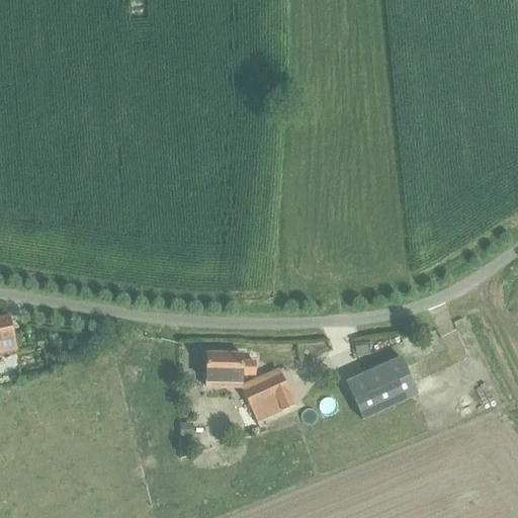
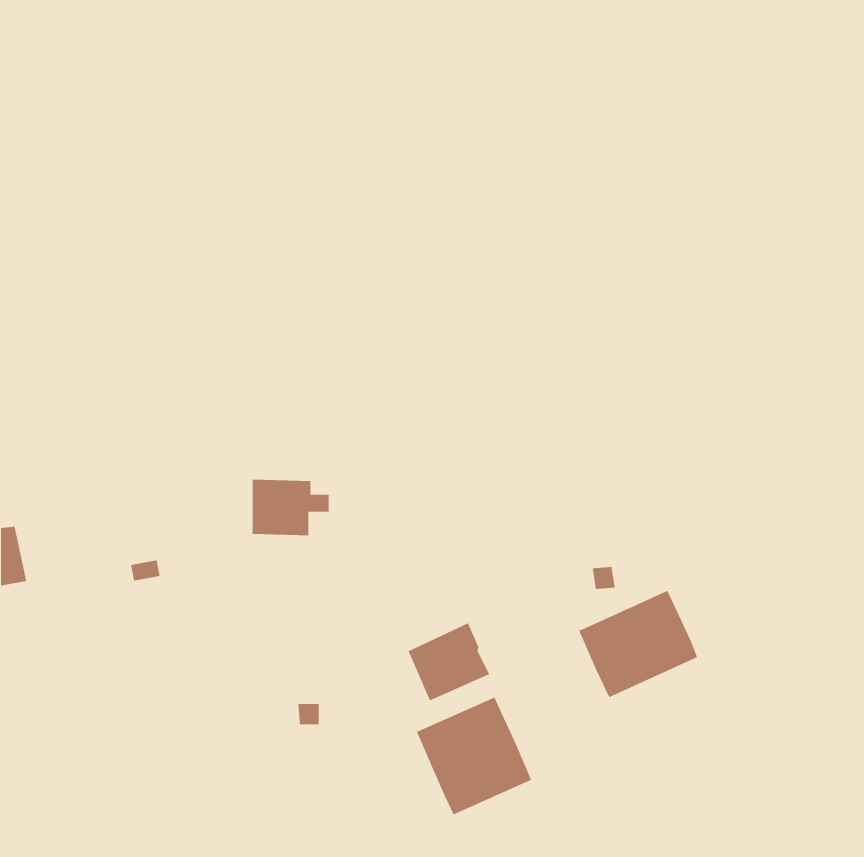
building: [205,350,252,384] -> [252,479,330,536]
building: none -> [416,696,532,815]

